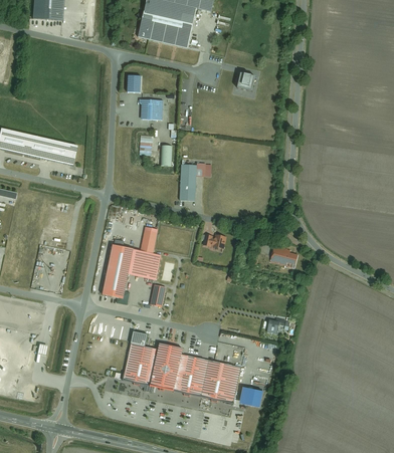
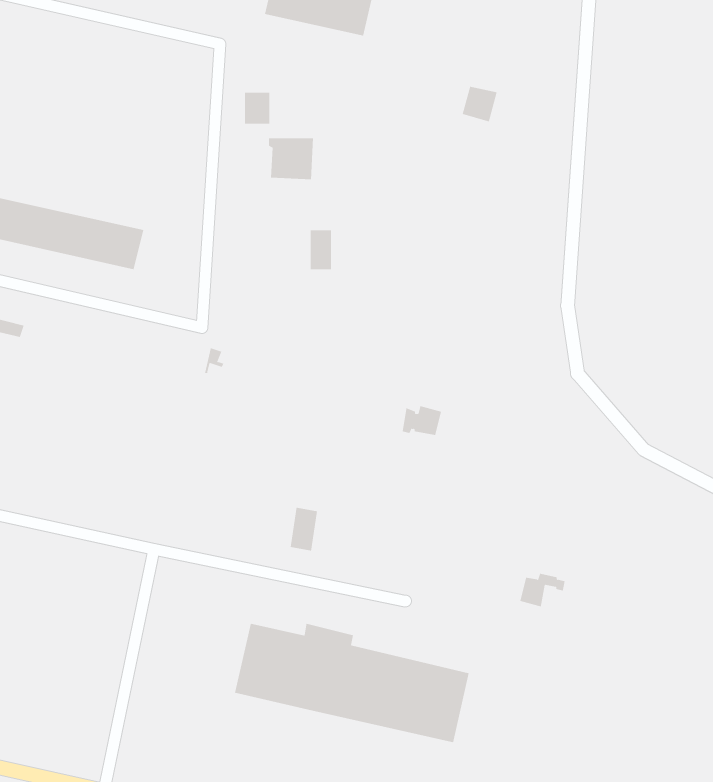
building: [180,162,212,200] -> none
building: [103,226,161,298] -> none
building: [270,245,299,268] -> none

